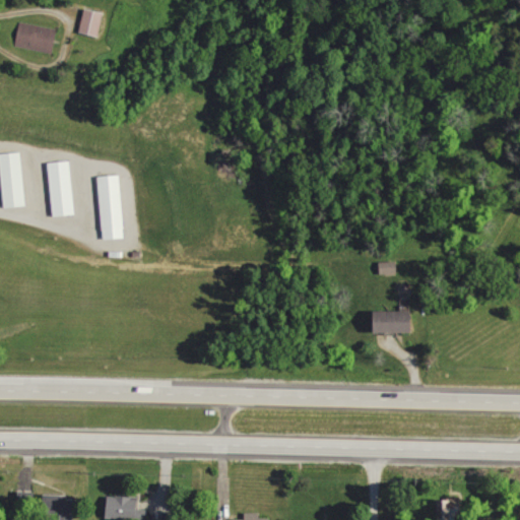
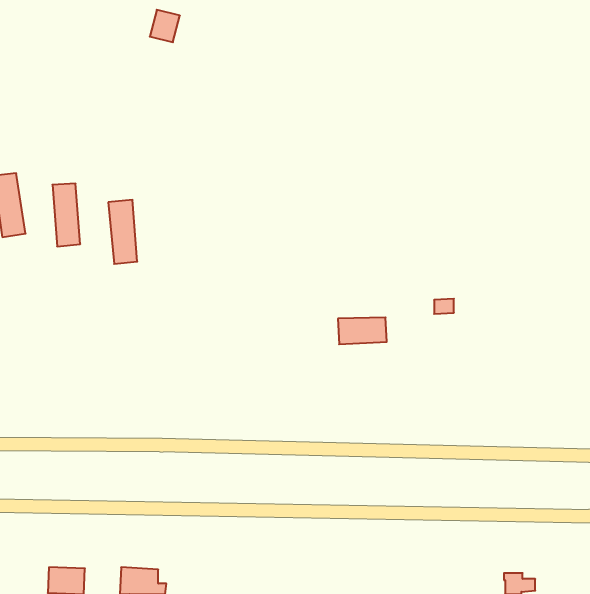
building: [78,8,105,37] -> [150,10,180,42]
building: [14,23,56,51] -> none
building: [371,311,413,334] -> [338,317,387,344]

